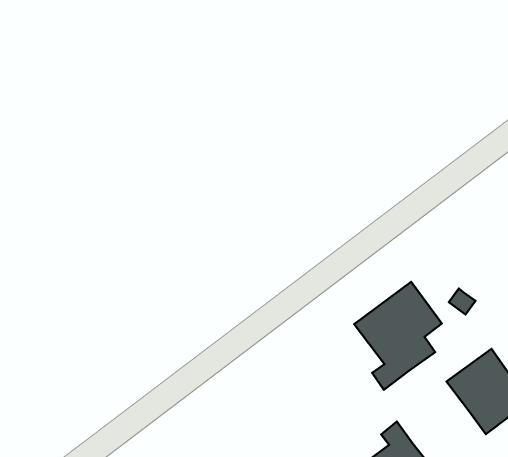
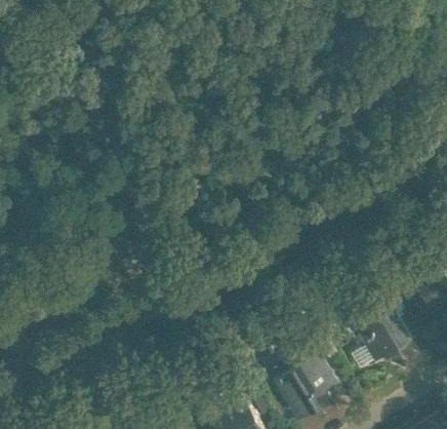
building: [354,282,442,390] -> none

